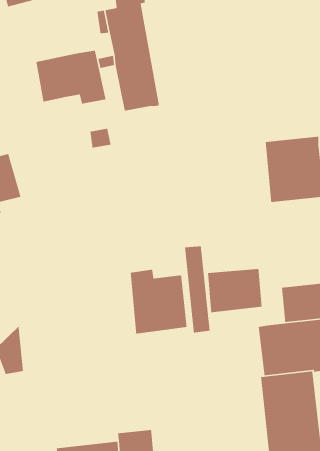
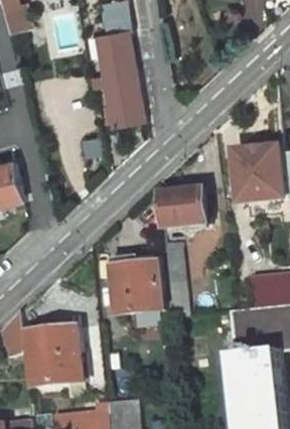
building: [35,50,107,105] -> none
building: [207,268,263,313] -> [158,188,206,228]
building: none -> [25,325,82,386]

